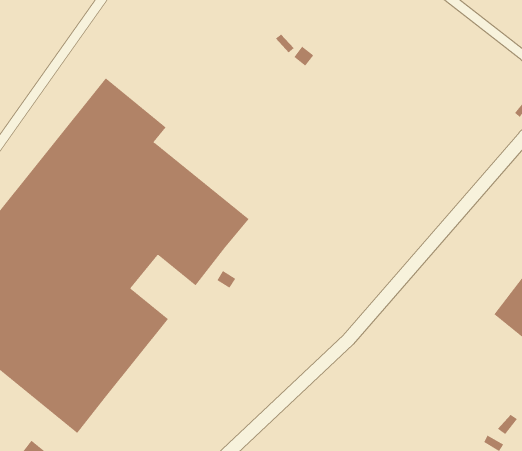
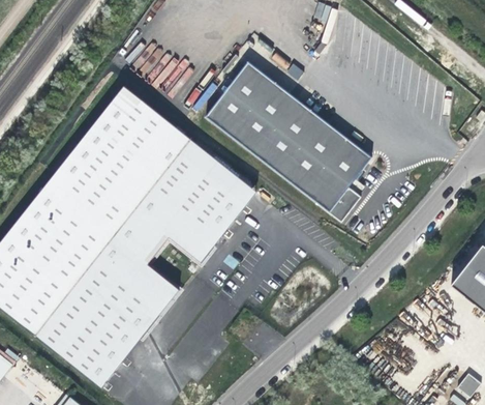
building: none -> [206,60,372,221]
building: none -> [166,128,257,206]

